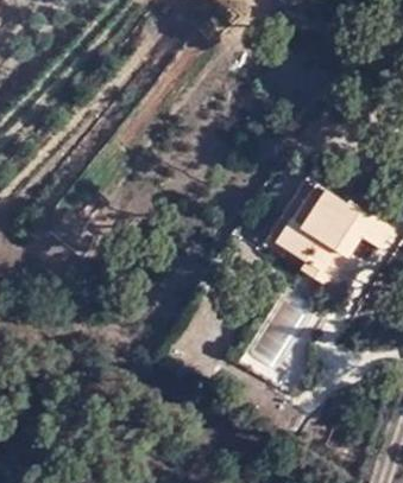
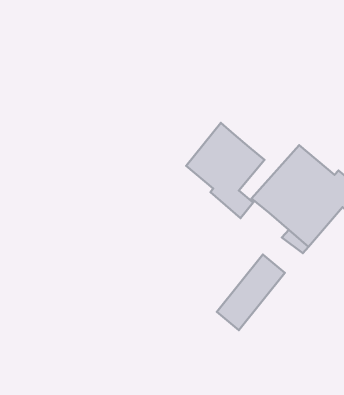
building: none -> [186,123,265,218]

